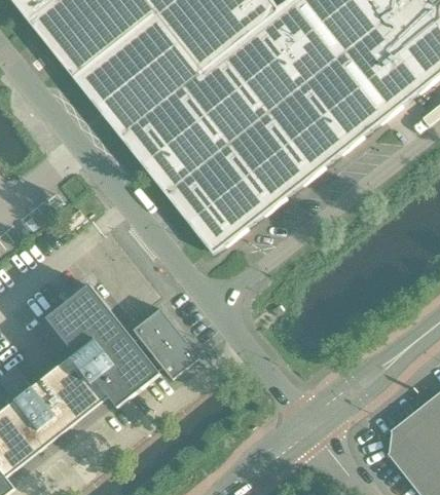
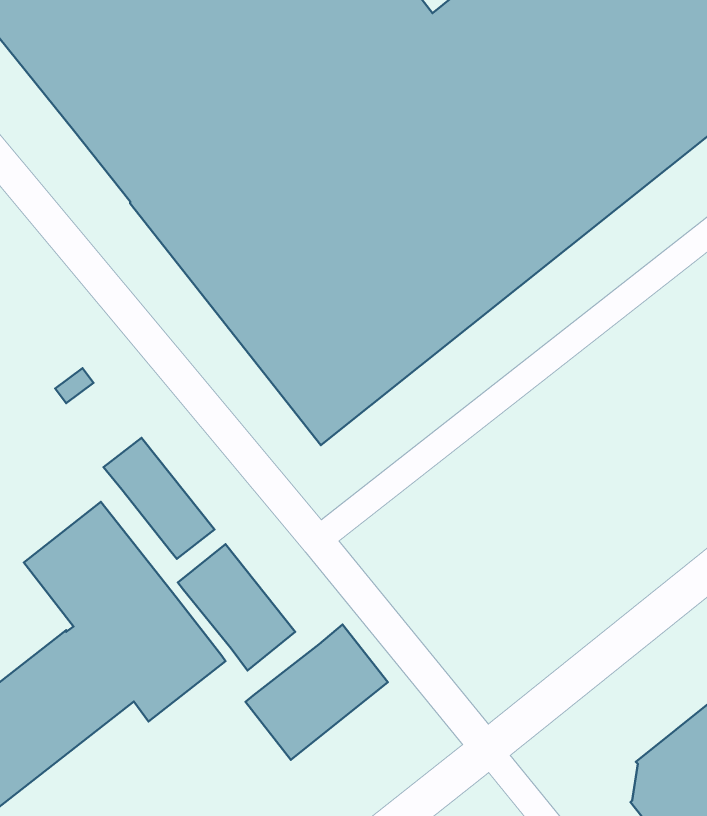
building: none -> [104,438,215,559]
building: none -> [246,625,388,760]

